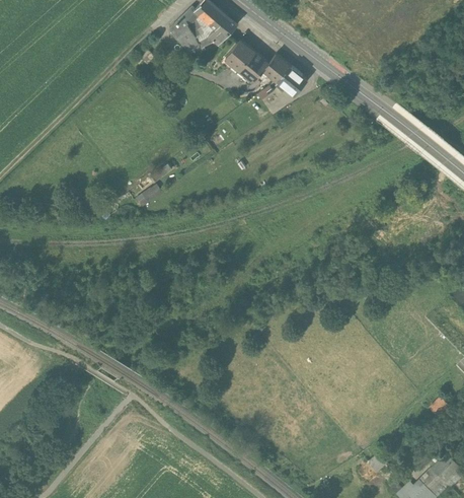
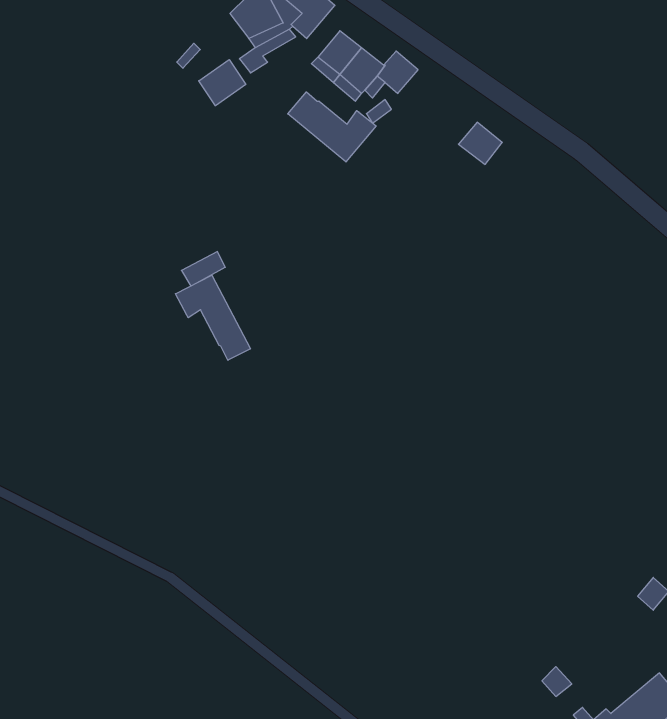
building: none -> [199,60,246,106]
building: [278,67,306,94] -> [458,122,502,164]
building: none -> [288,92,376,162]
building: none -> [175,275,250,360]

